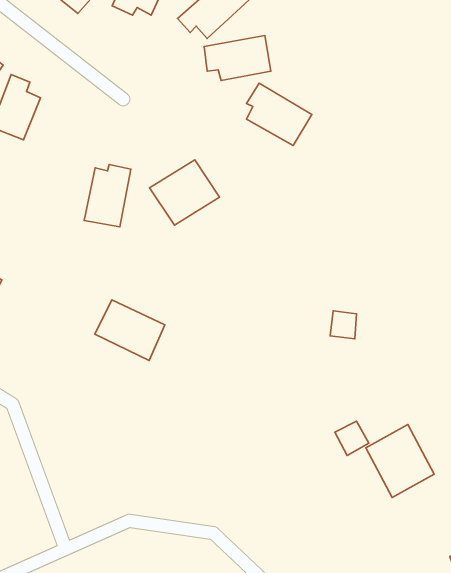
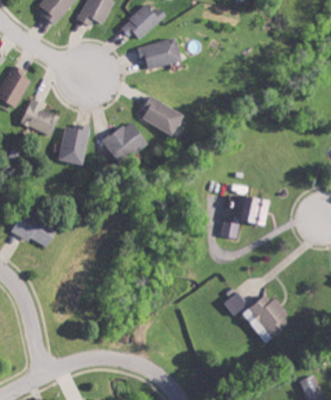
building: [247,83,312,146] -> [140,95,183,136]
building: none -> [19,98,59,137]
building: none -> [235,196,266,223]
building: [95,300,165,361] -> [11,210,57,250]

